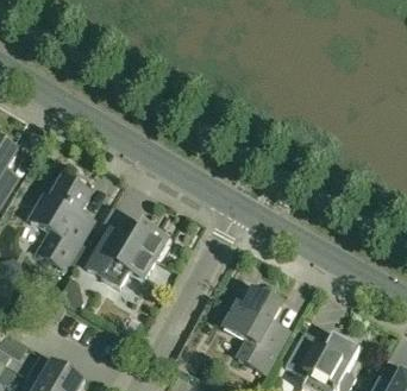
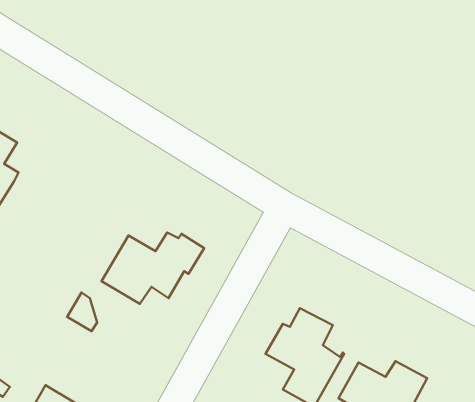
building: [30,179,93,269] -> none

